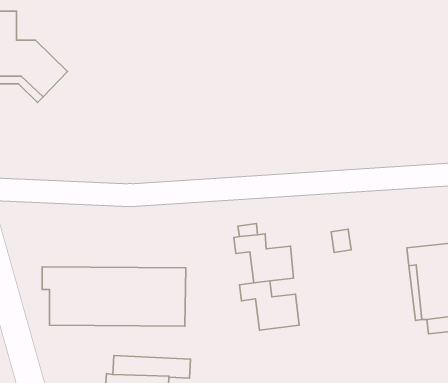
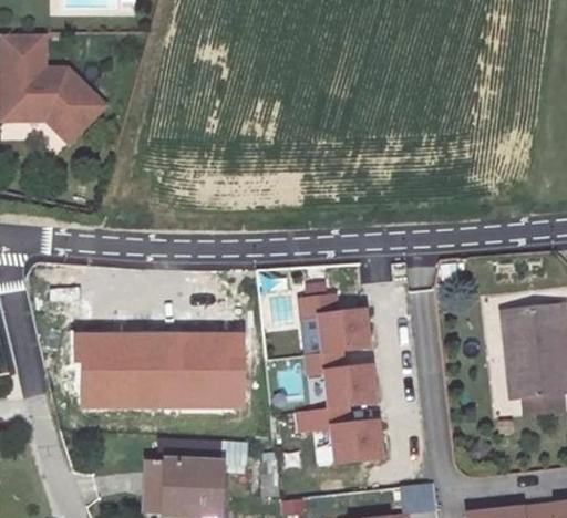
building: none -> [312,406,382,464]

